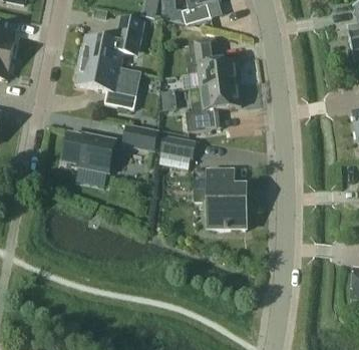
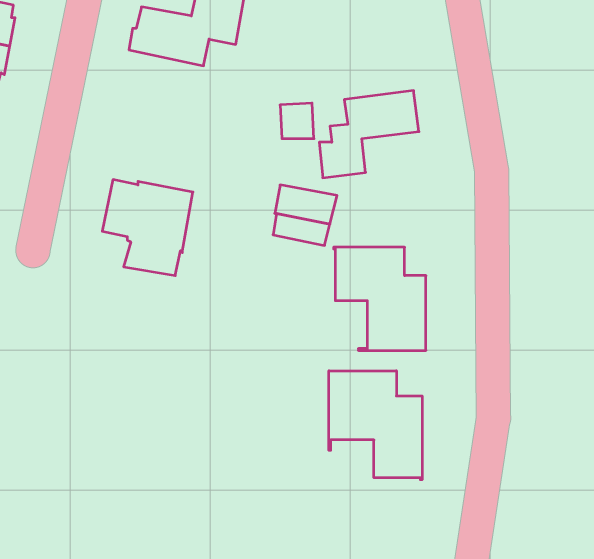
building: [182,37,239,88] -> none
building: [75,58,142,108] -> none
building: [120,122,158,150] -> none
building: none -> [329,371,422,480]

